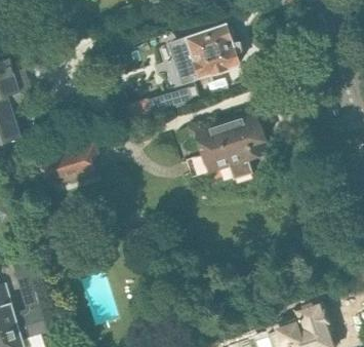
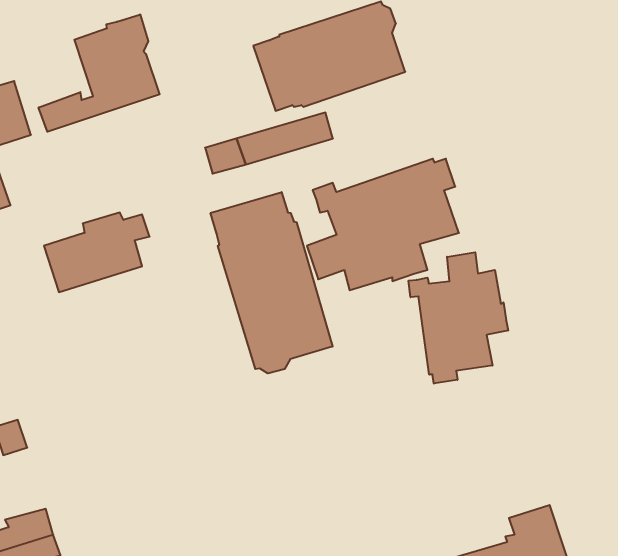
building: none -> [39,14,160,132]
building: none -> [211,192,333,373]
building: none -> [409,252,508,384]

